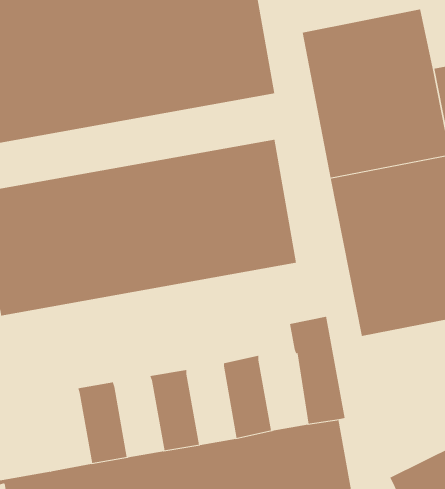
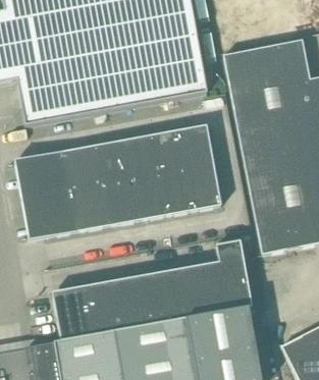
building: none -> [197,261,228,314]
building: none -> [150,270,181,323]
building: none -> [102,278,135,331]
building: none -> [52,286,88,340]

